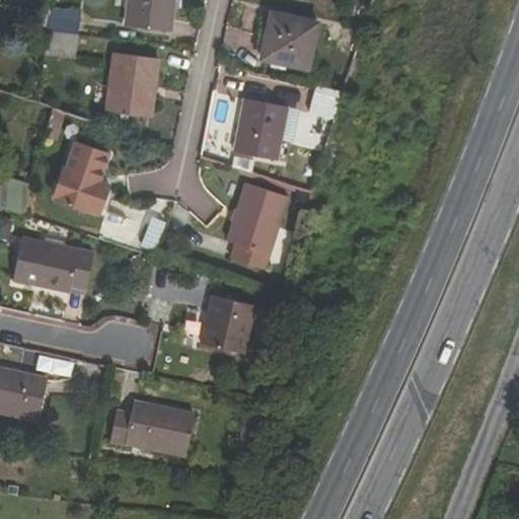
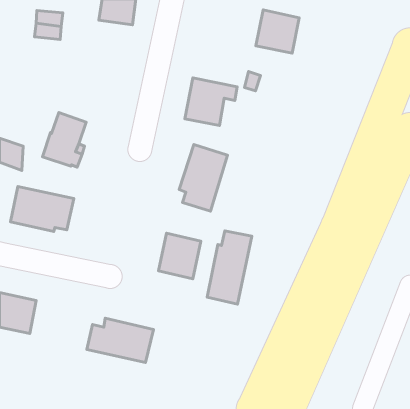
building: [262,12,316,67] -> [256,10,299,53]
building: [106,53,157,115] -> none
building: none -> [207,231,252,304]

